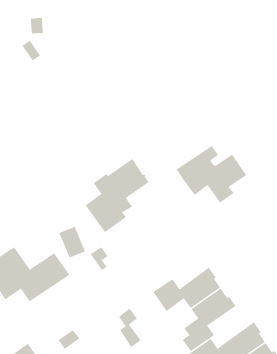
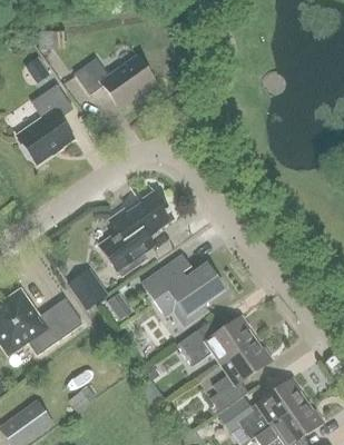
building: none -> [73,56,155,107]
building: none -> [16,85,73,164]
building: [176,145,247,203] -> [141,255,223,322]

